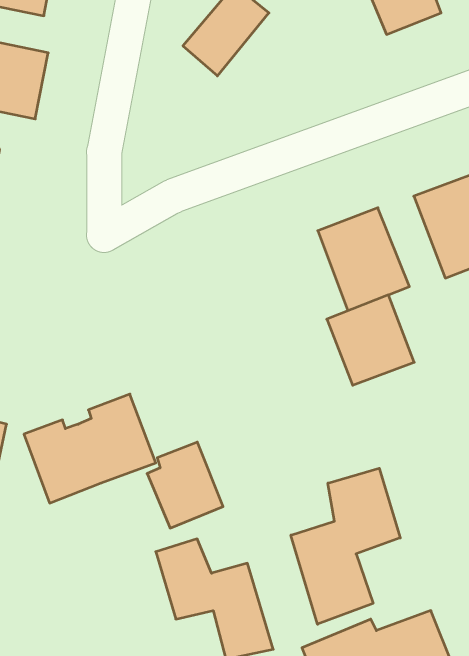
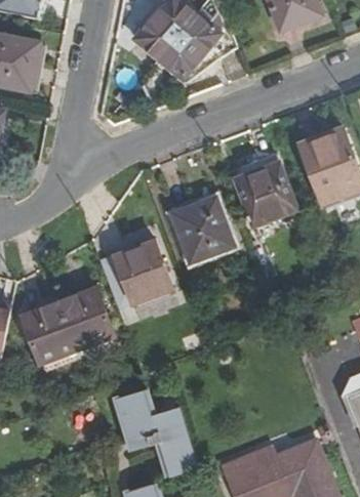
building: none -> [160,10,238,78]
building: [327,295,414,385] -> [171,198,234,262]
building: [147,442,223,528] -> [117,242,171,303]
building: [291,468,400,624] -> none

